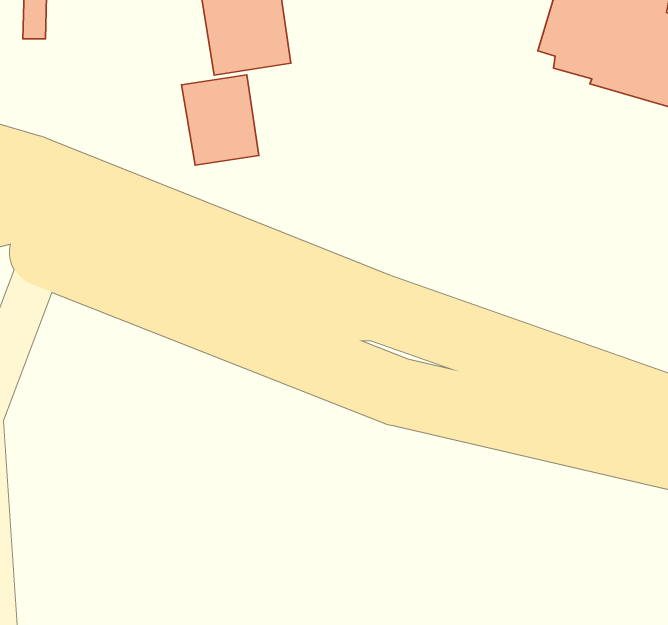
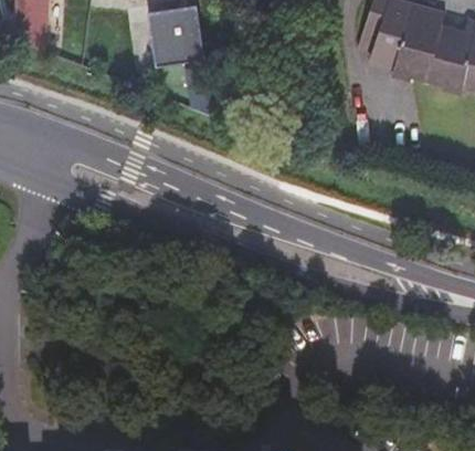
building: [182,75,259,165] -> none

